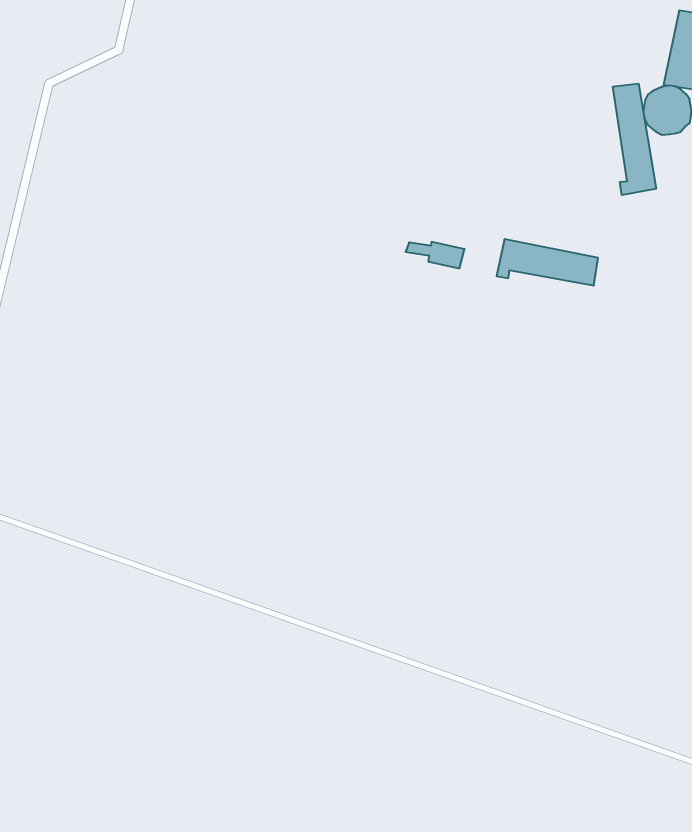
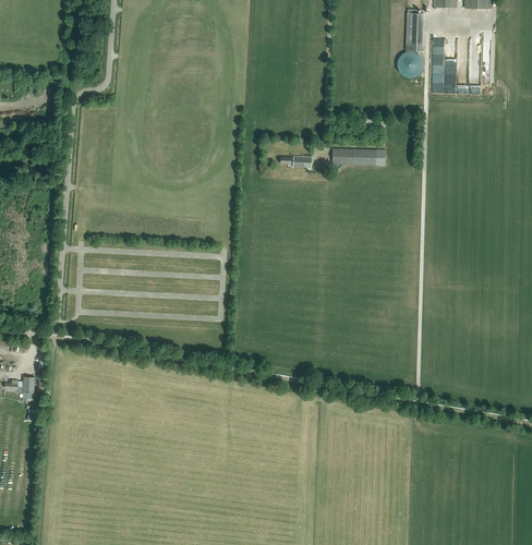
building: [613,84,656,195] -> none

